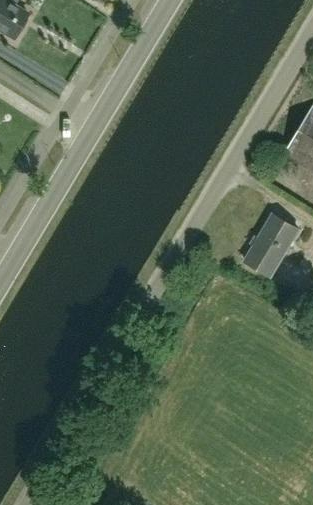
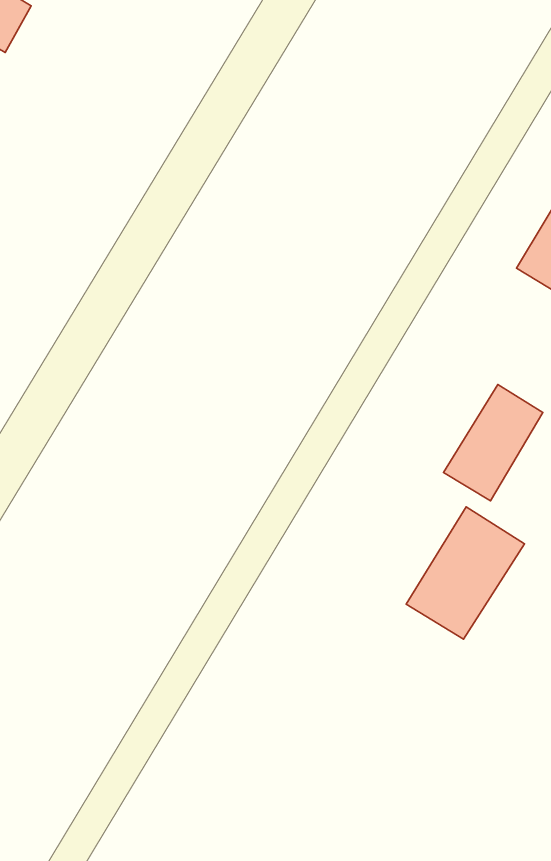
building: none -> [406,507,525,639]

